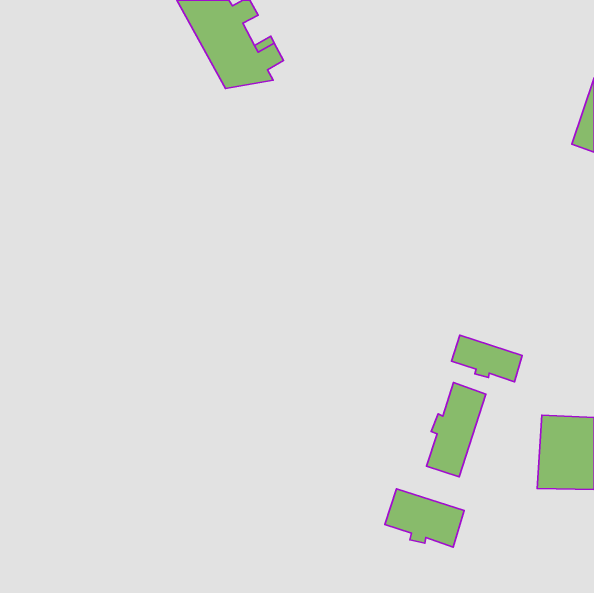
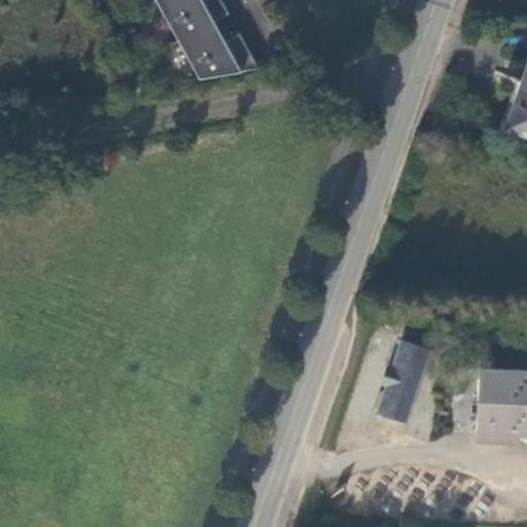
building: [452,335,522,382] -> none
building: [385,489,464,547] -> none

